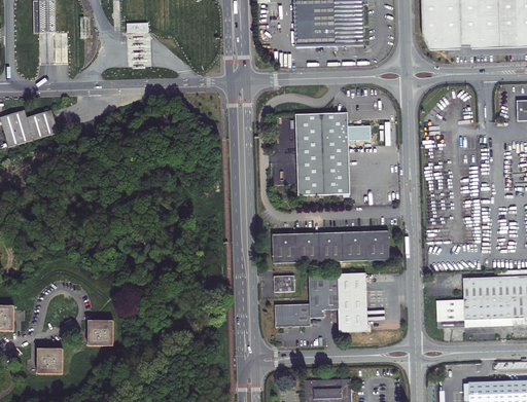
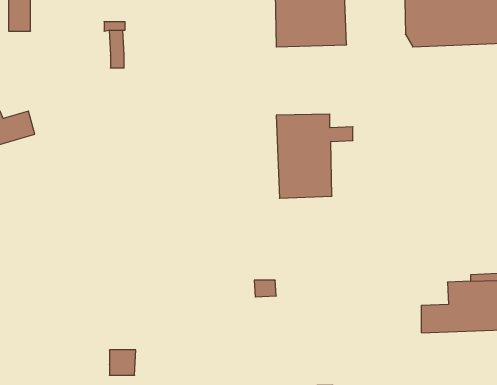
building: [273,230,389,263] -> none
building: [275,272,368,332] -> none
building: [89,321,114,345] -> [109,350,136,375]
building: [38,349,63,373] -> none

